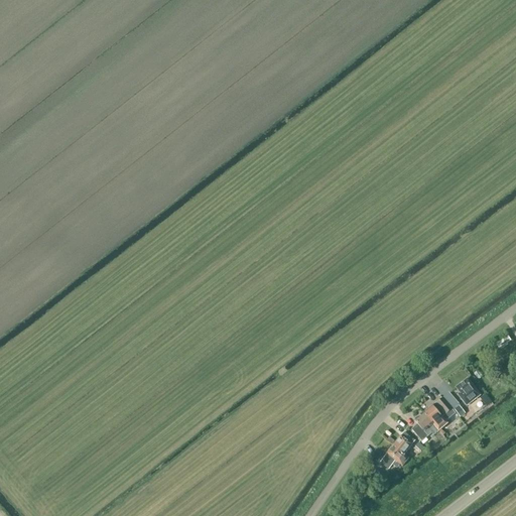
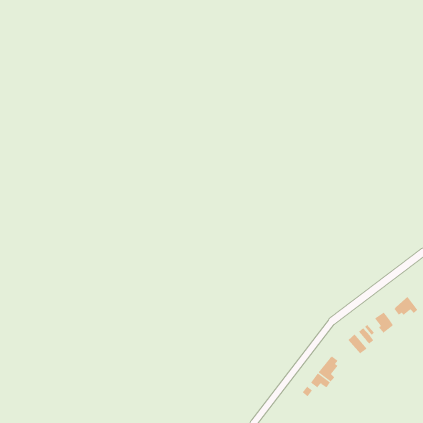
building: none -> [394,296,418,316]
building: [410,413,437,441] -> none

